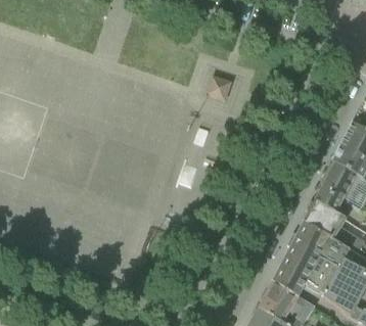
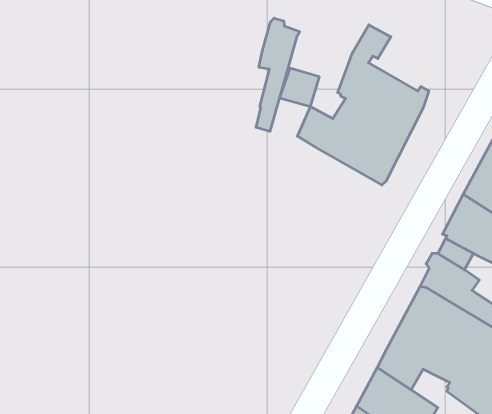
building: none -> [256,18,300,131]
building: none -> [297,25,429,185]

